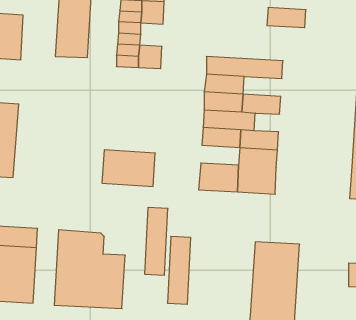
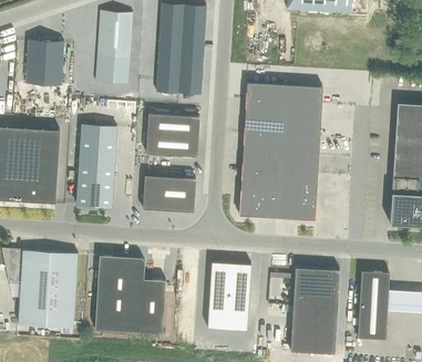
building: [267,8,306,28] -> [282,103,321,123]
building: none -> [179,50,203,73]
building: none -> [145,114,199,157]
building: none -> [75,125,116,207]
building: none -> [294,139,319,158]
building: none -> [240,172,279,192]
building: [145,207,168,275] -> [227,263,250,331]
building: none -> [357,271,389,340]

